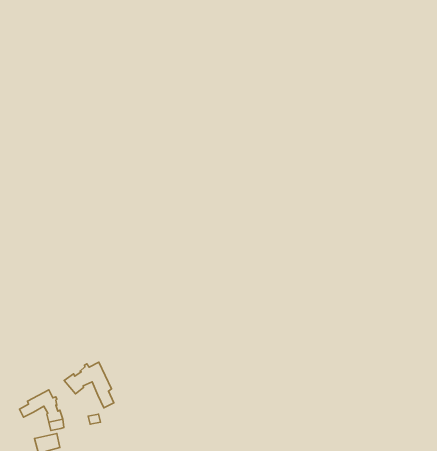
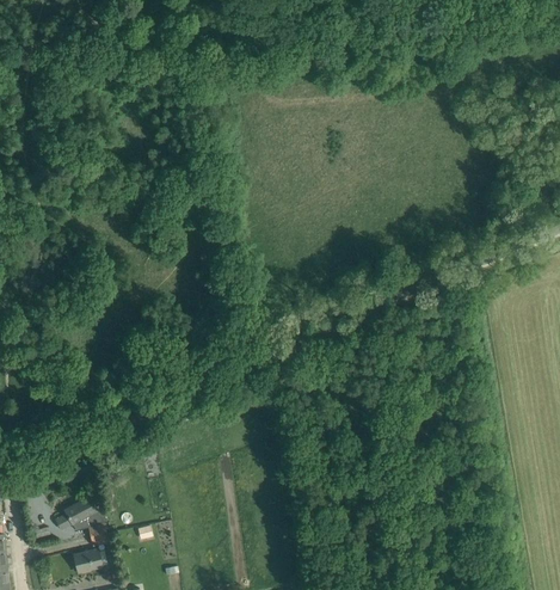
building: [64,362,114,408] -> none

